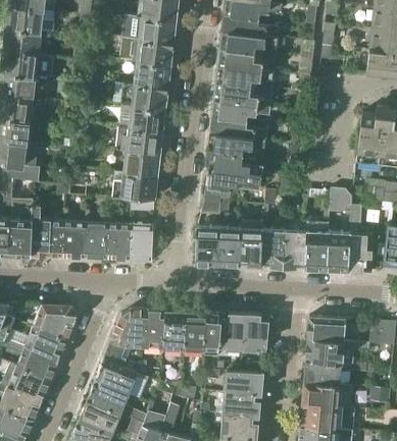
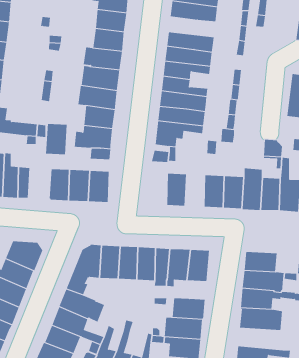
building: [220,49,276,72] -> none
building: [60,222,86,258] -> [45,124,68,155]
building: [196,227,219,265] -> none
building: [240,229,262,267] -> none
building: [300,405,354,431] -> none

